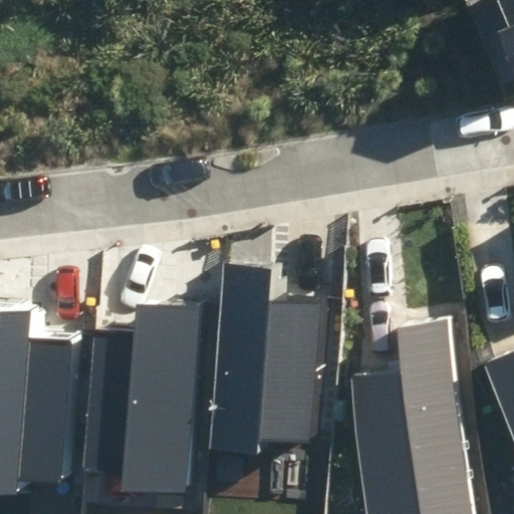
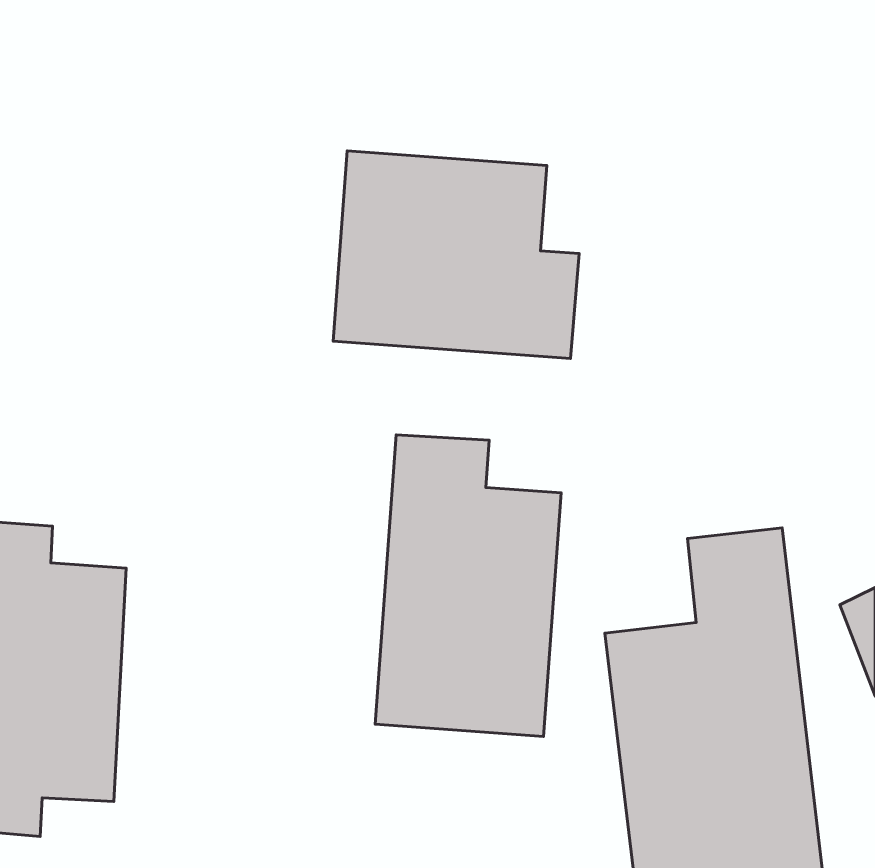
building: none -> [333,151,579,359]
building: [96,302,198,483] -> none

